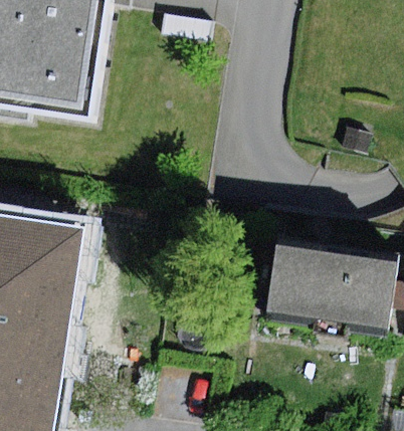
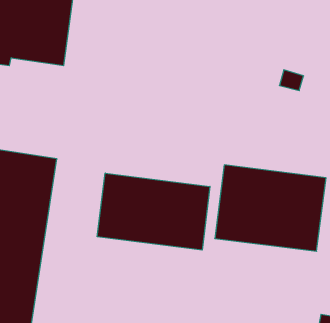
building: none -> [97,173,210,250]

